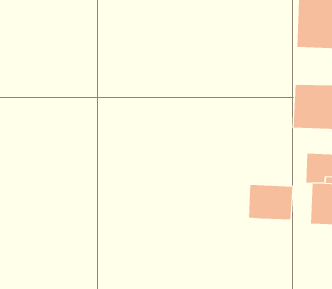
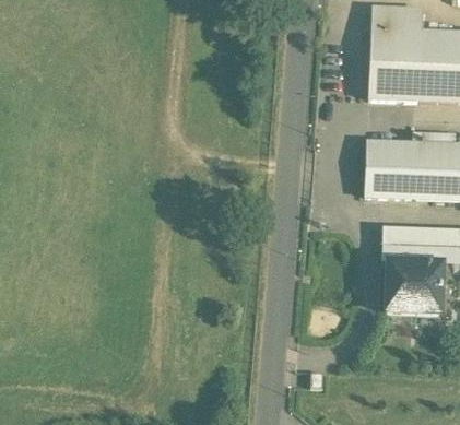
building: [248,184,293,220] -> none

